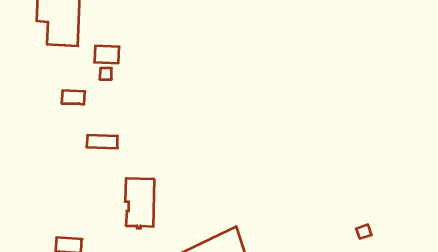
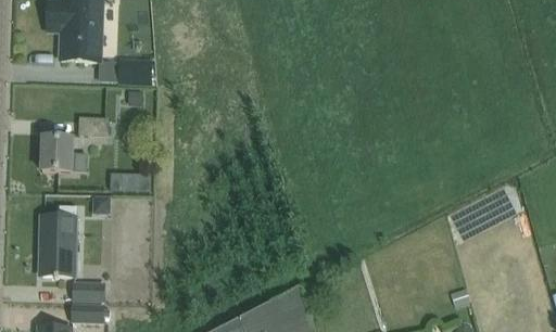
building: none -> [41,137,86,170]
building: [125,178,154,228] -> [39,215,76,278]
building: none -> [72,281,105,303]

